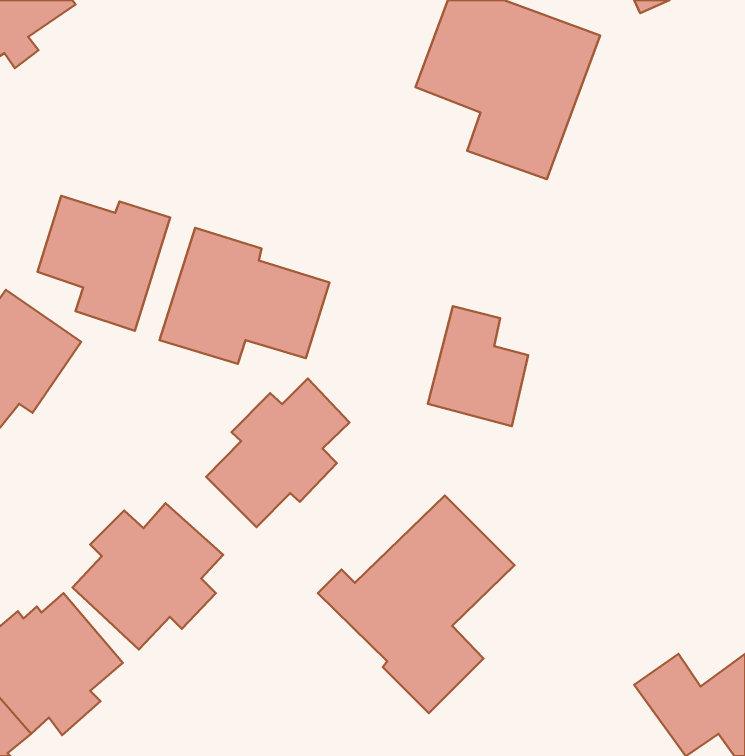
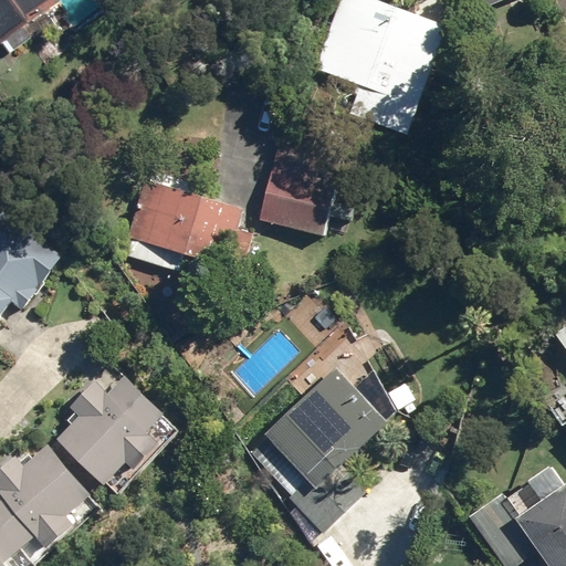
building: [38,196,170,331] -> none
building: [428,306,528,426] -> [261,146,336,235]
building: [206,378,349,527] -> none

